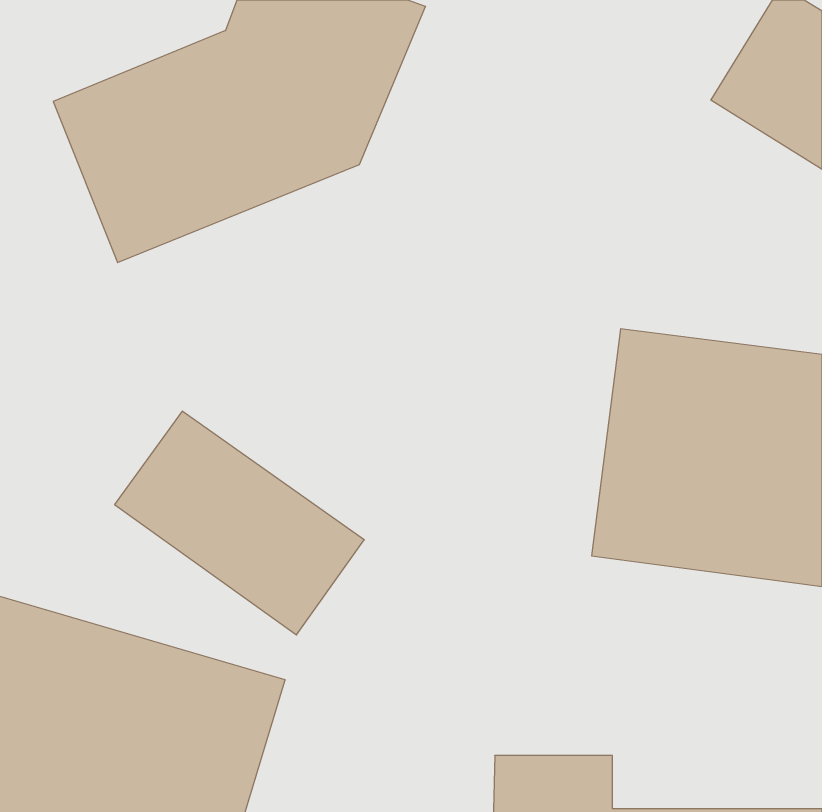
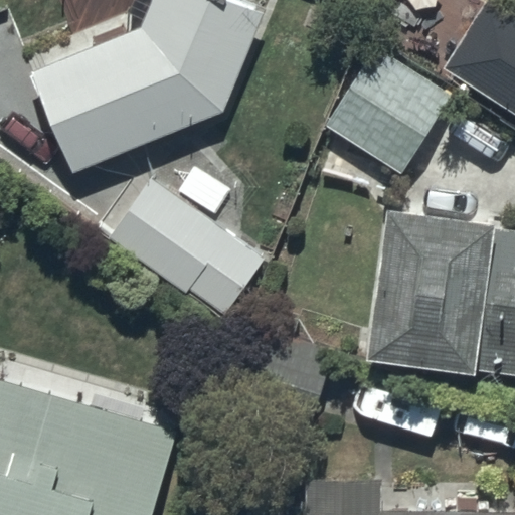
building: none -> [326,47,452,174]
building: [115,411,364,635] -> [109,179,265,319]

